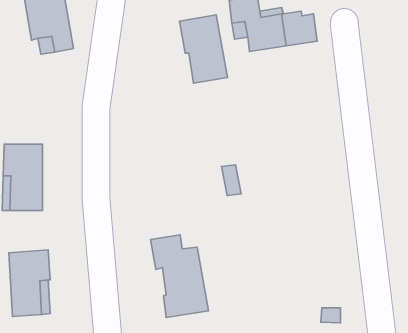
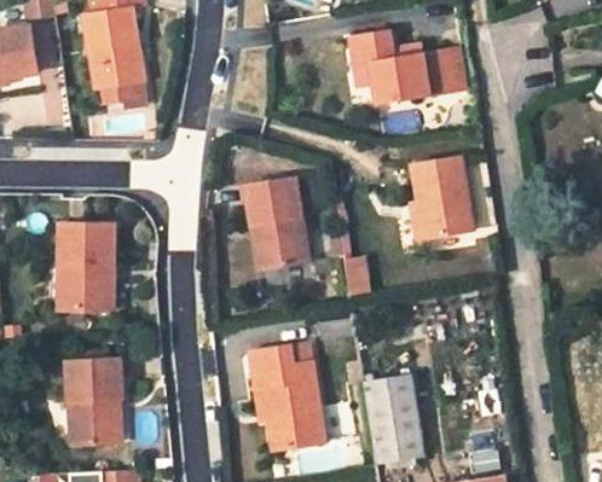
building: [180,15,227,83] -> [245,175,307,263]
building: none -> [411,150,469,230]
building: none -> [363,372,426,461]

